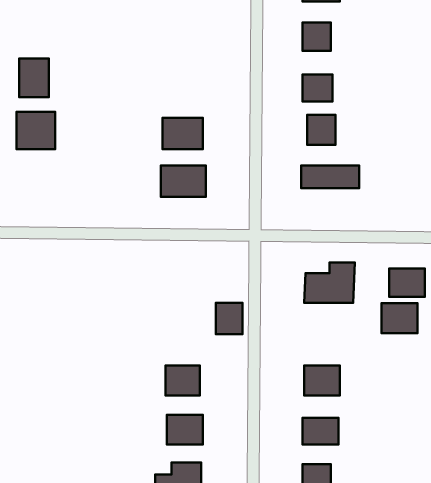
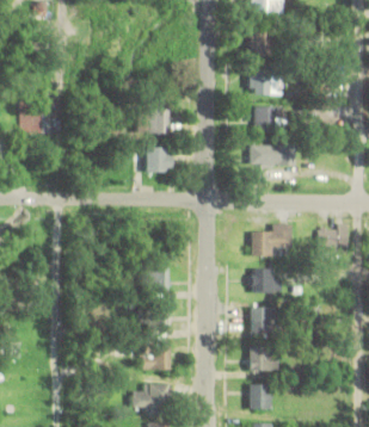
building: [19,59,49,97] -> none
building: [216,303,243,334] -> [146,267,167,292]
building: [382,303,417,333] -> [250,268,278,292]

